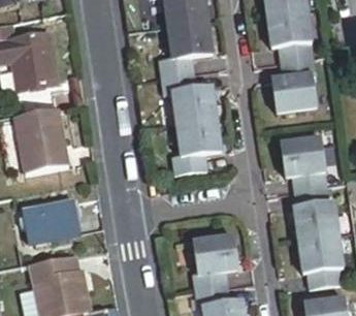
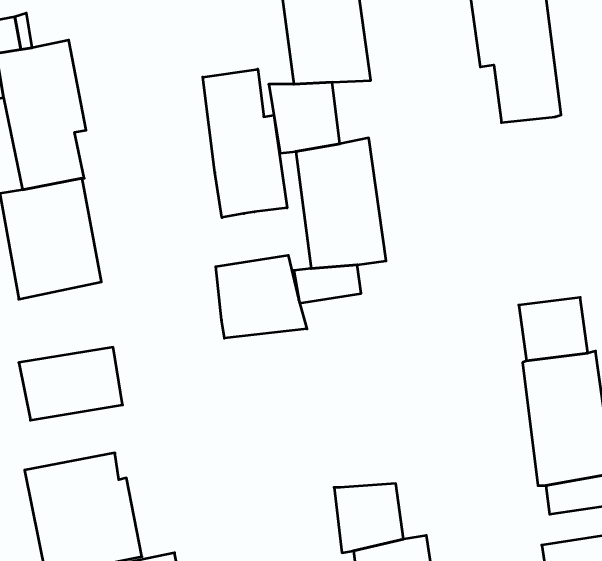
building: none -> [203,69,287,218]
building: [271,74,316,113] -> none
building: [281,136,325,177] -> none
building: none -> [216,255,307,338]
building: [193,235,236,274] -> none

